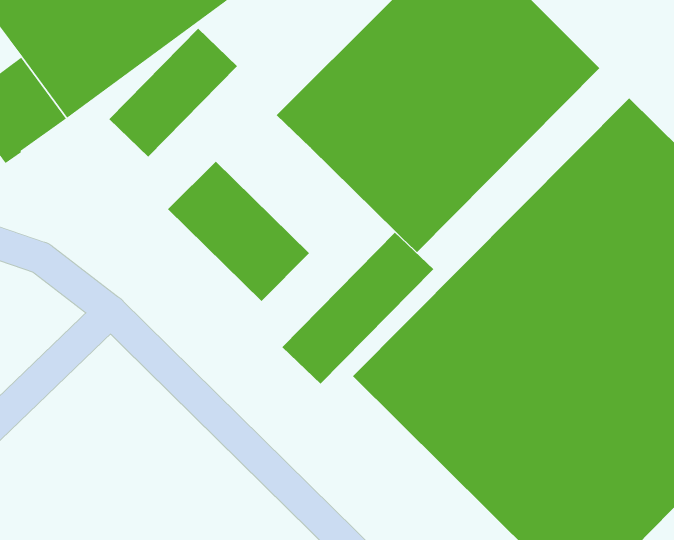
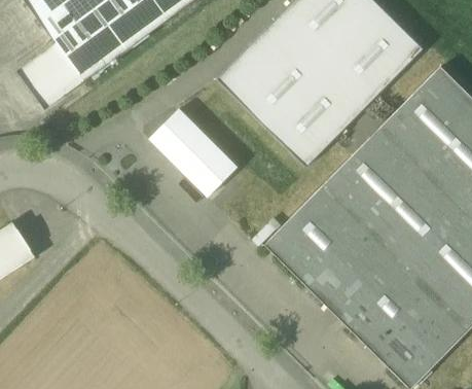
building: [108,28,238,157] -> none
building: [282,232,434,385] -> none

